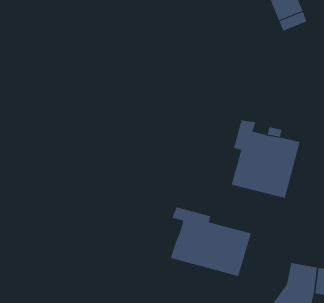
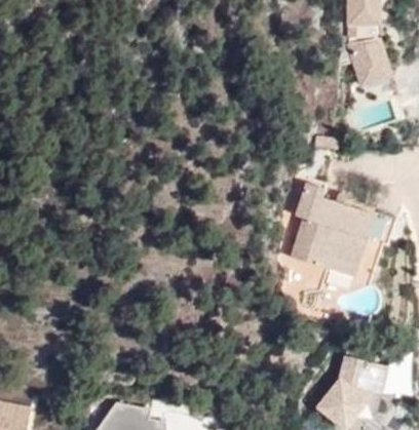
building: [170,207,252,277] -> none

